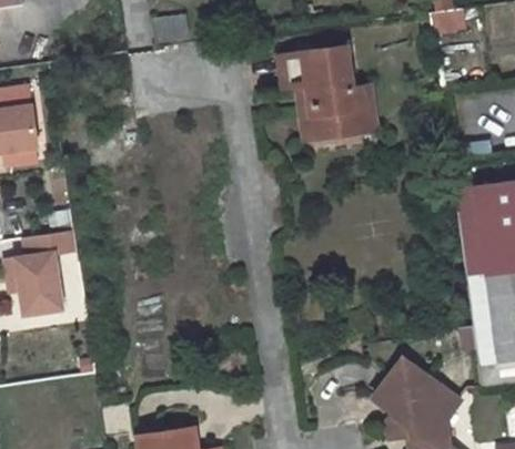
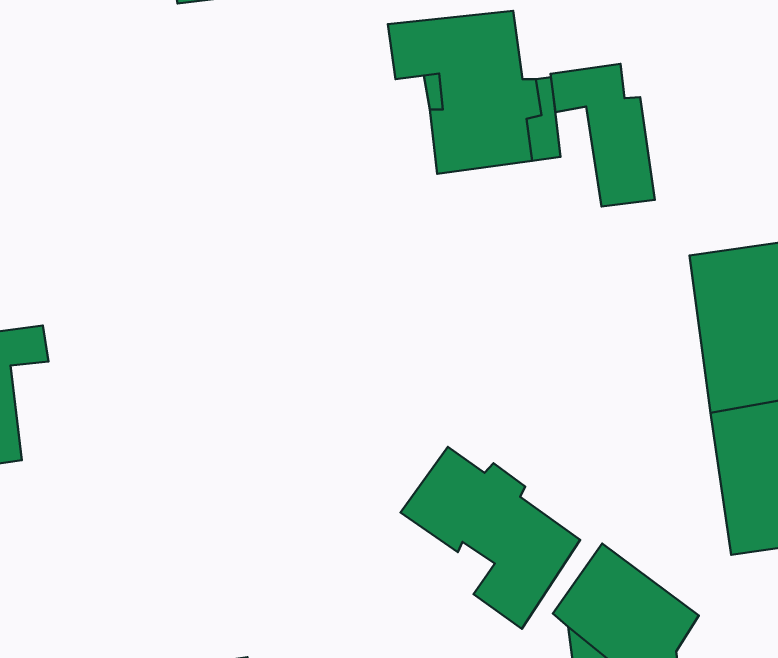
building: none -> [551,64,655,206]
building: none -> [401,447,580,629]

